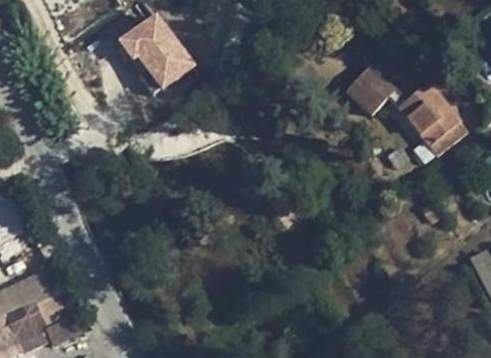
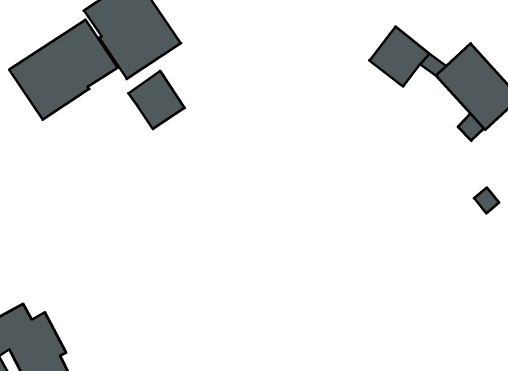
building: none -> [9,20,117,120]
building: none -> [128,71,185,129]

